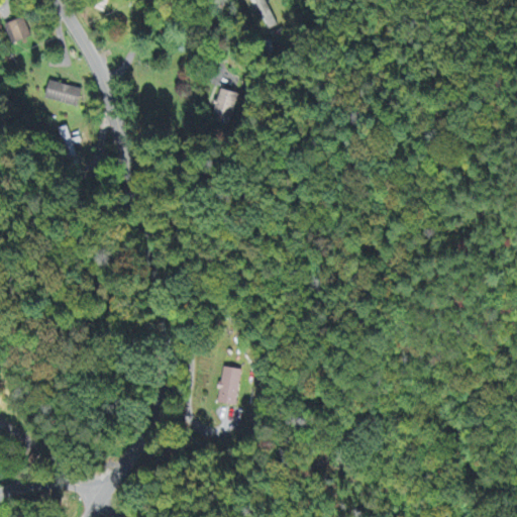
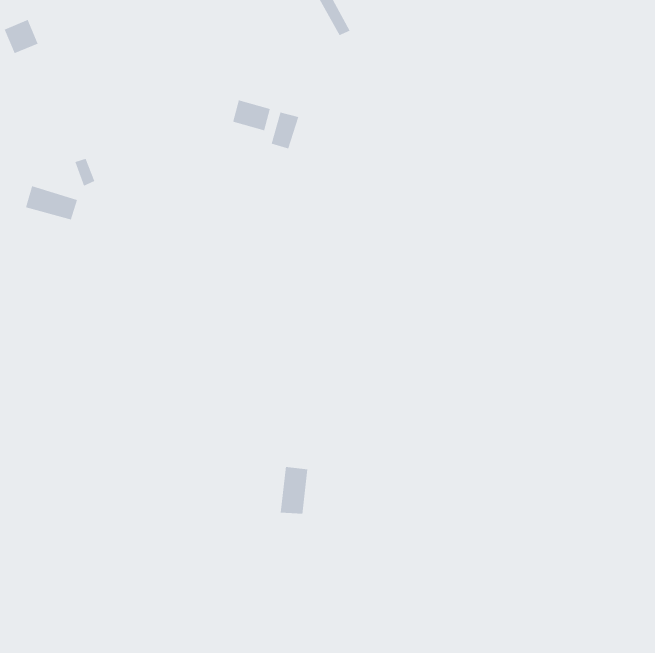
building: none -> [232,100,271,131]
building: [41,79,83,106] -> [25,186,78,220]

